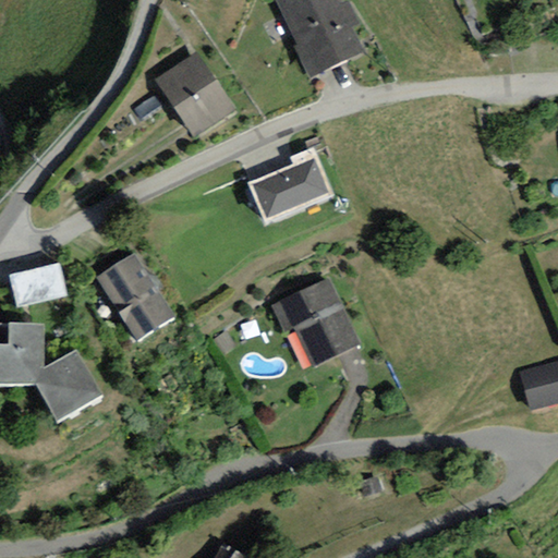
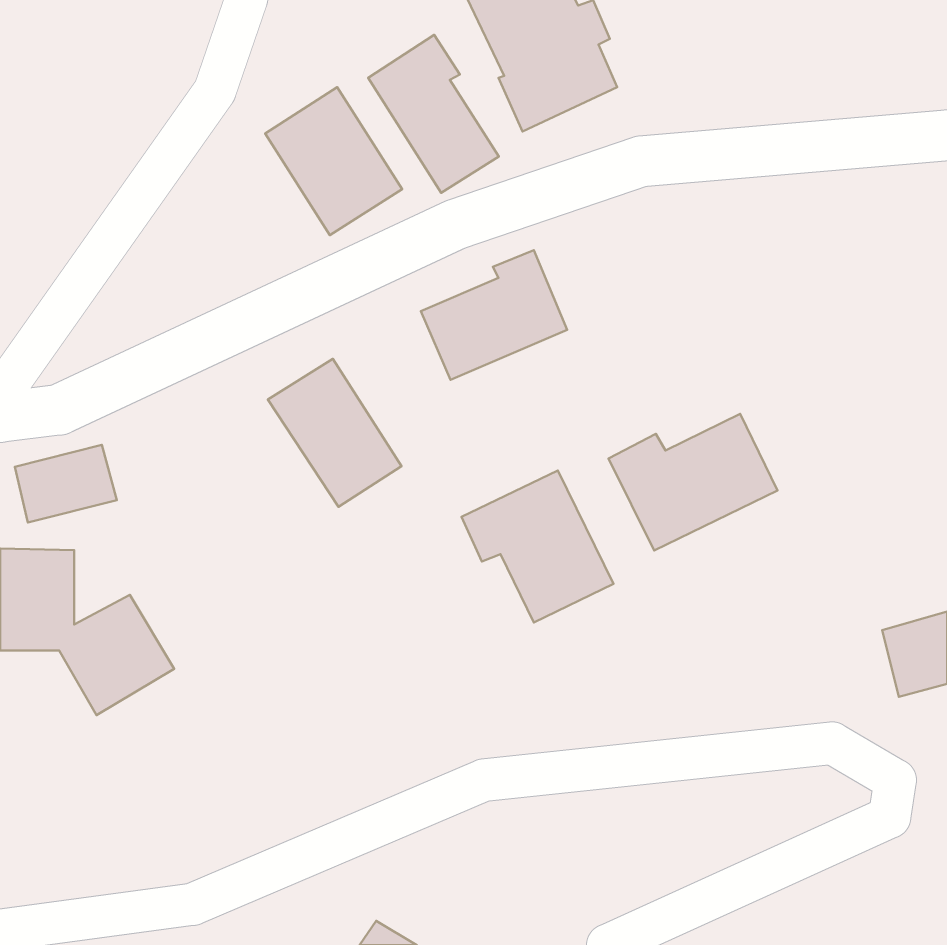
building: none -> [368,35,499,193]
building: none -> [608,414,778,550]
building: [96,253,174,340] -> [268,359,401,507]

